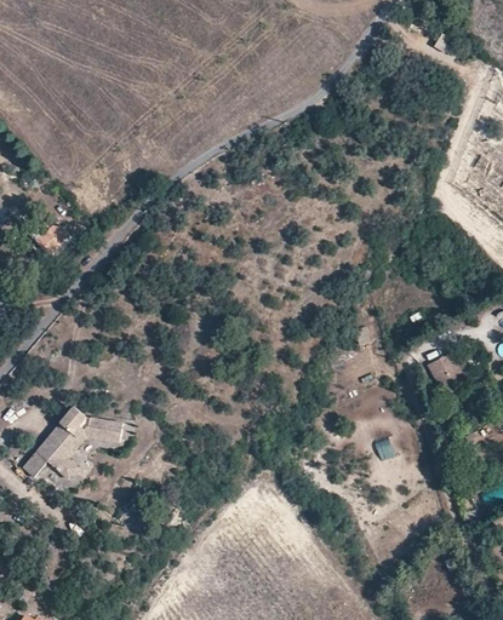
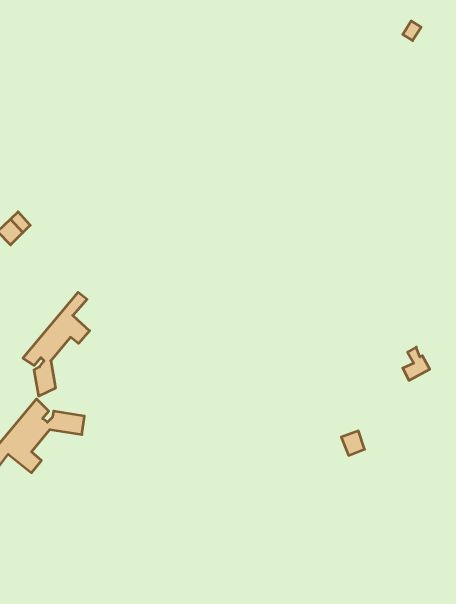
building: none -> [23,292,90,396]

